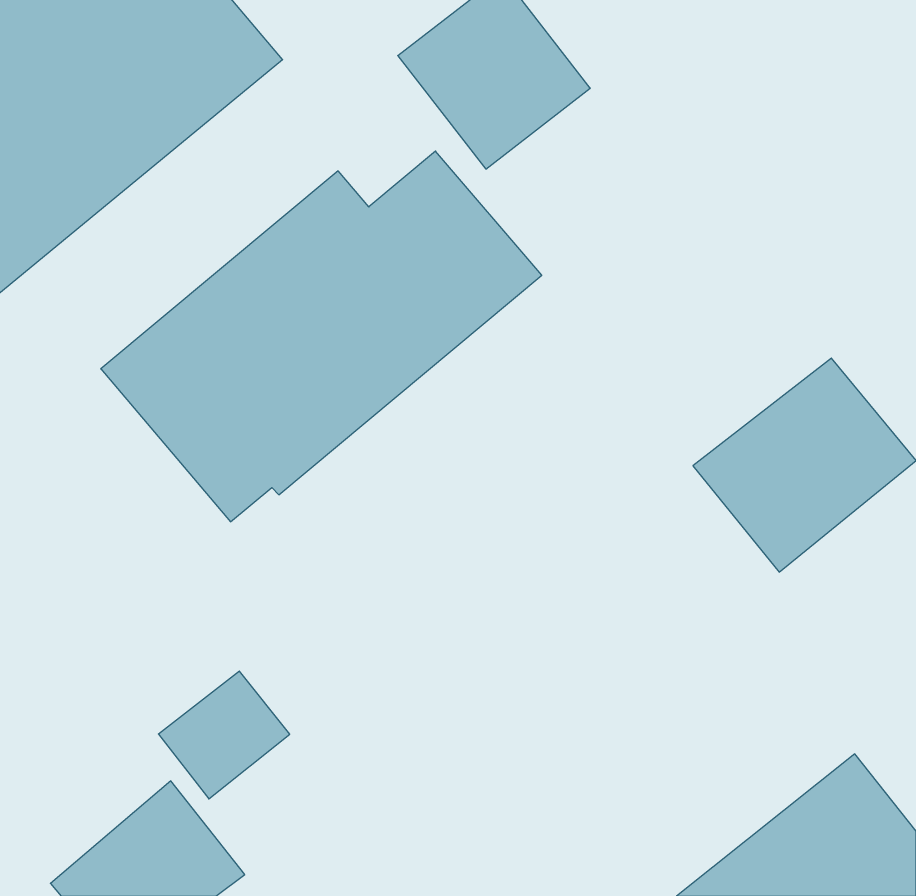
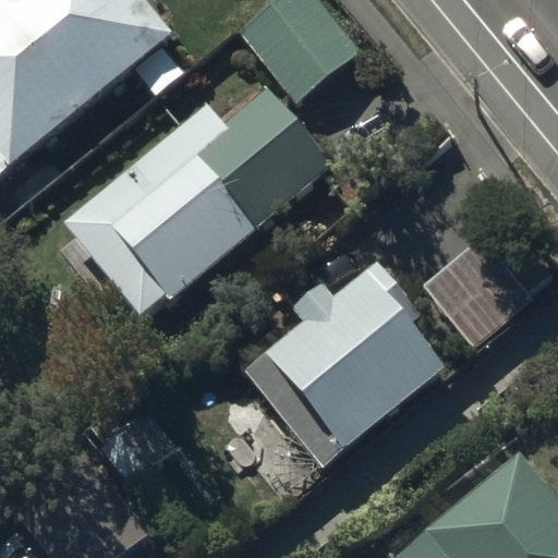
building: none -> [245,265,453,466]

